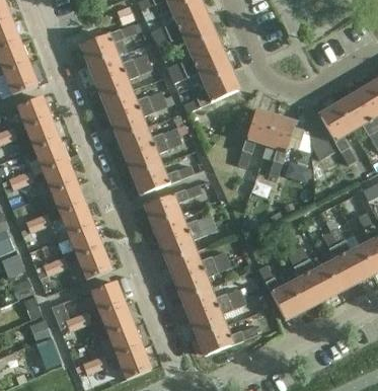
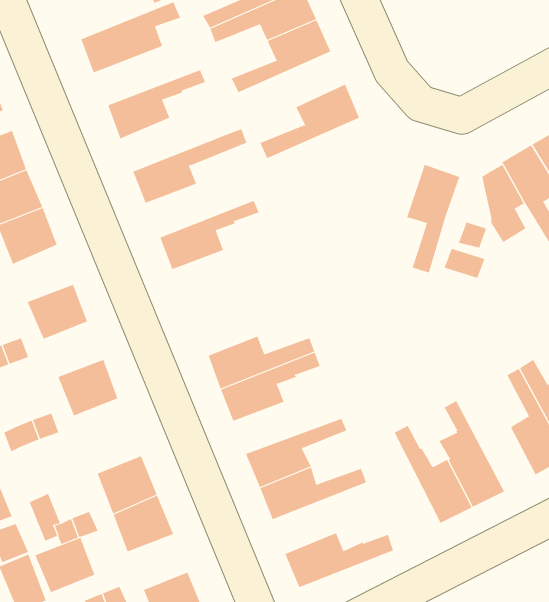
building: [87,49,148,82] -> none
building: [169,52,230,83] -> none
building: [102,89,163,120] -> none
building: [237,109,275,167] -> none
building: [117,127,178,157] -> none
building: [42,161,76,193] -> none
building: [132,164,194,194] -> none
building: [144,184,201,224] -> none
building: [59,205,93,236] -> none
building: [293,245,337,301] -> none
building: [76,248,110,281] -> none
building: [166,250,228,280] -> none
building: [188,296,245,336] -> none
building: [106,325,141,357] -> [34,537,95,593]

